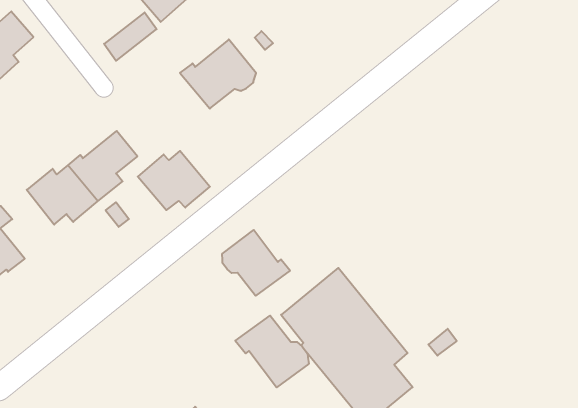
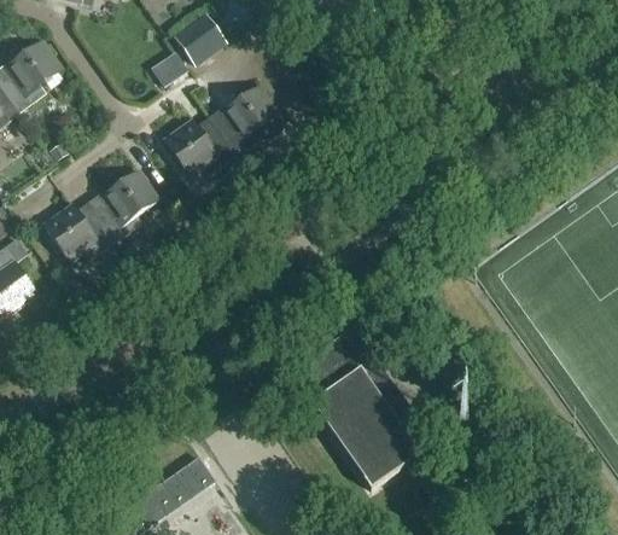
building: [138,151,210,210] -> [163,117,235,176]
building: [222,230,290,296] -> none
building: [235,316,309,387] -> none

